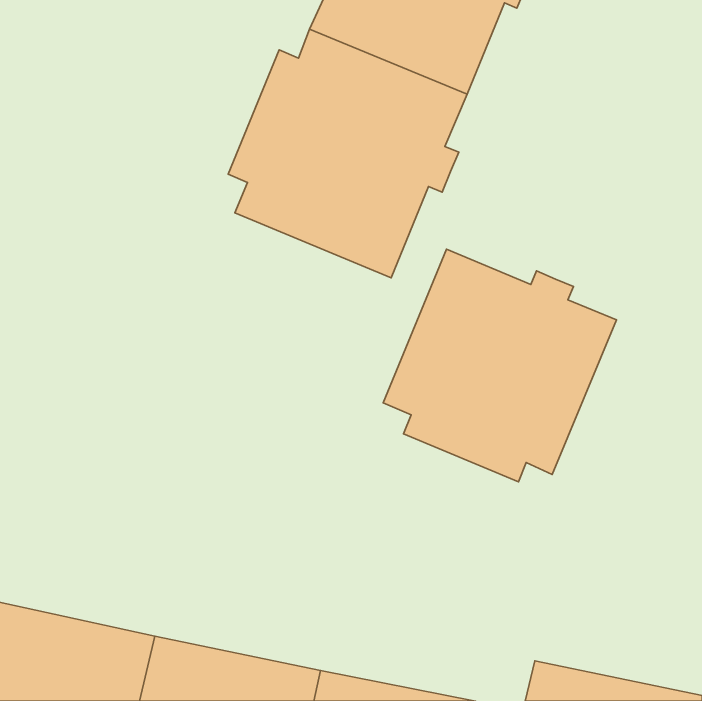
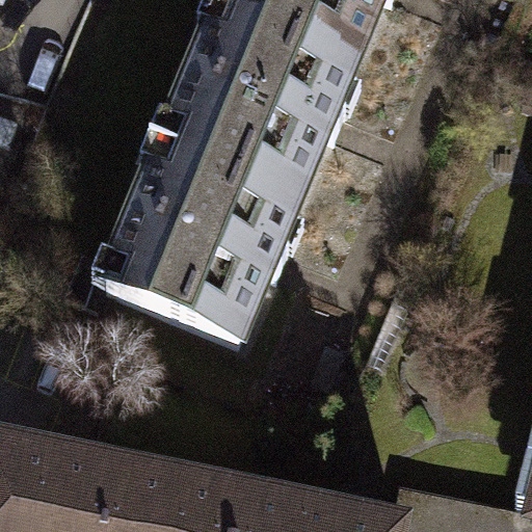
building: none -> [114,160,294,348]
building: [383,249,617,482] -> none

